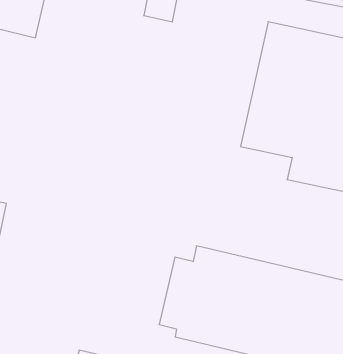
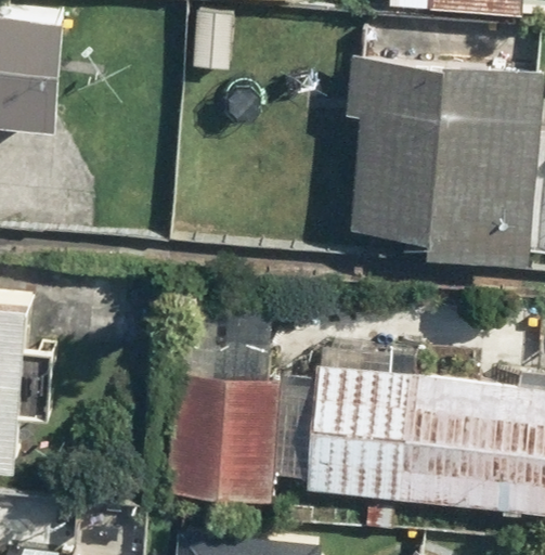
building: none -> [169,332,281,507]

